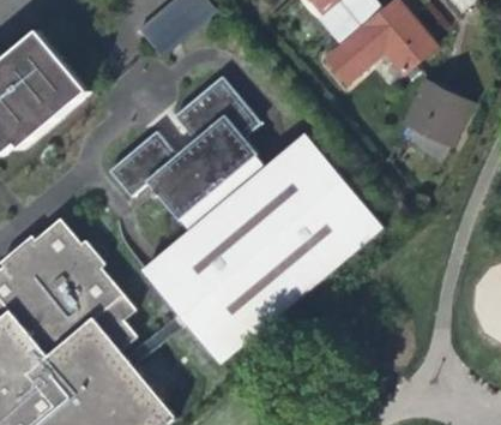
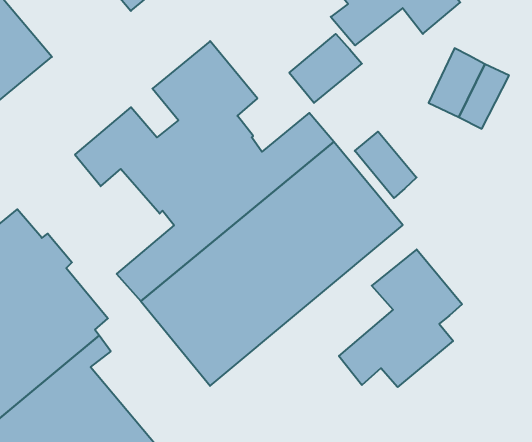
building: none -> [289,34,362,103]
building: none -> [355,132,417,198]
building: none -> [339,249,462,387]

